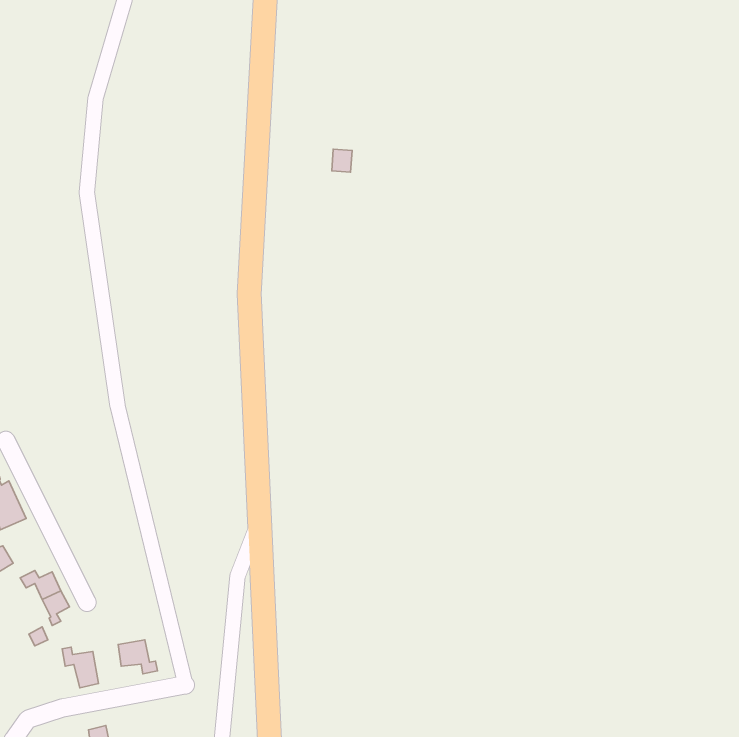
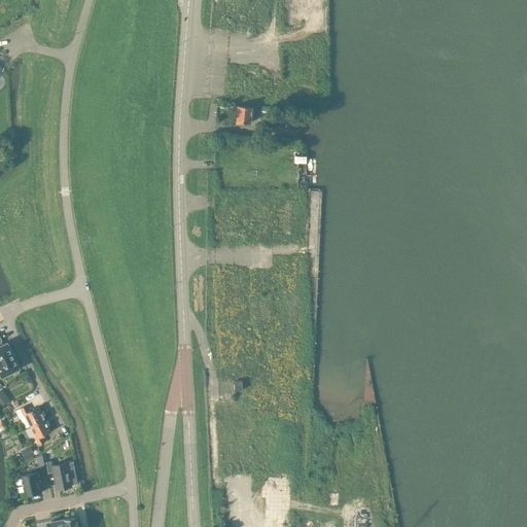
building: [118,640,157,674] -> none
building: none -> [20,468,45,497]

